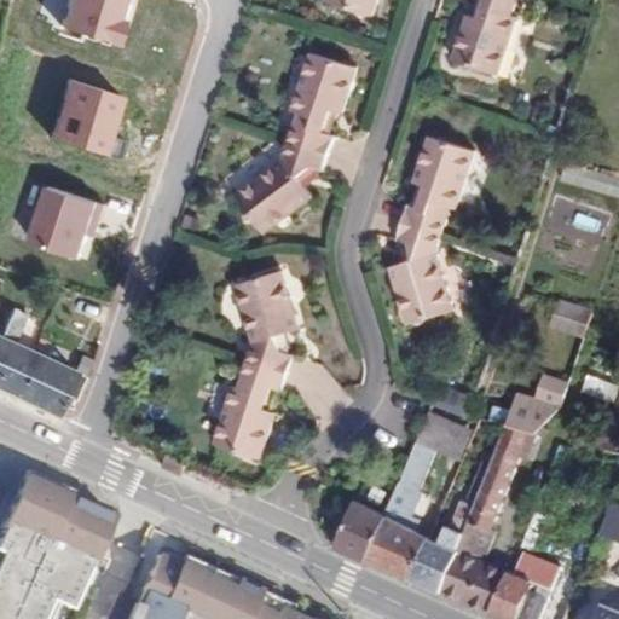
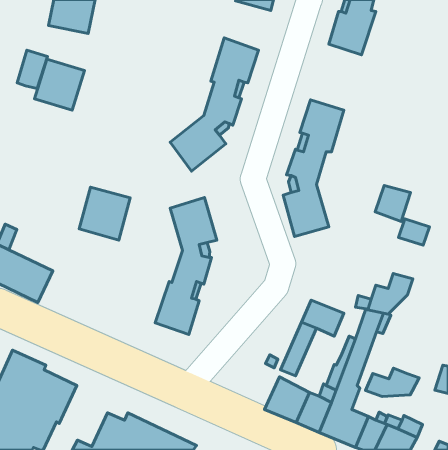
building: none -> [17,50,48,89]
building: [41,185,111,258] -> [79,187,130,240]
building: none -> [375,186,410,221]
building: [334,502,383,561] -> none
building: none -> [365,368,419,397]

